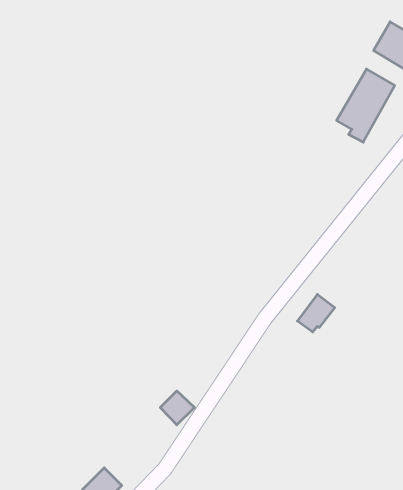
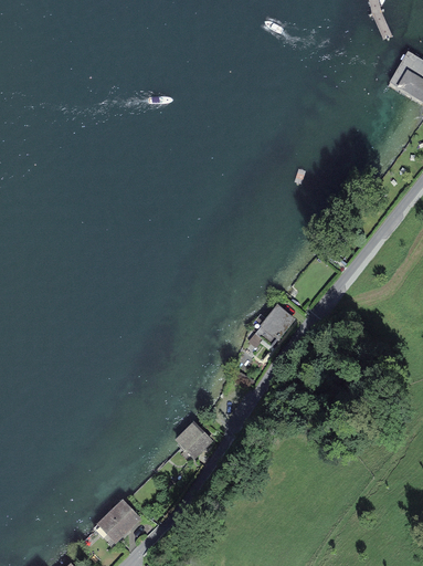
building: [337,69,395,142] -> none
building: [297,294,335,332] -> [256,305,294,343]

